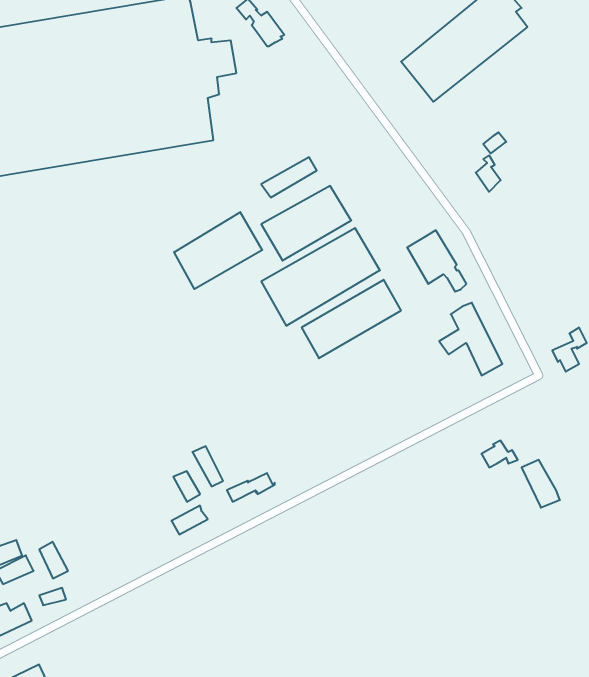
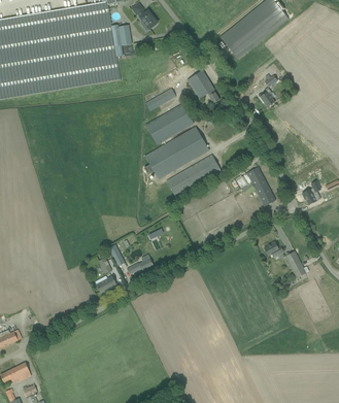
building: [174,212,262,289] -> none
building: [407,230,466,292] -> [188,69,219,102]

